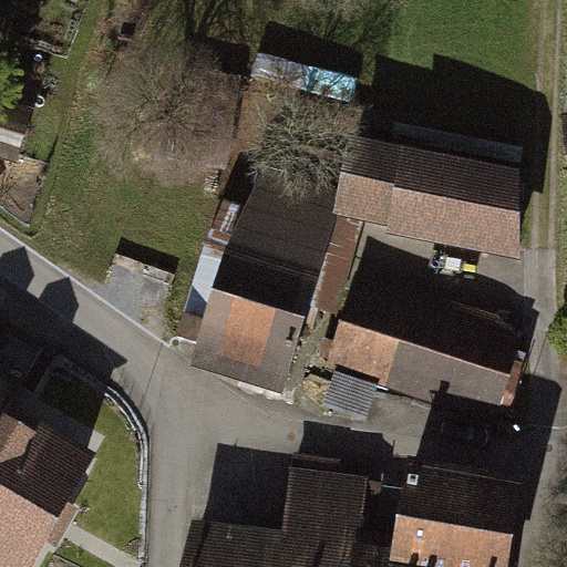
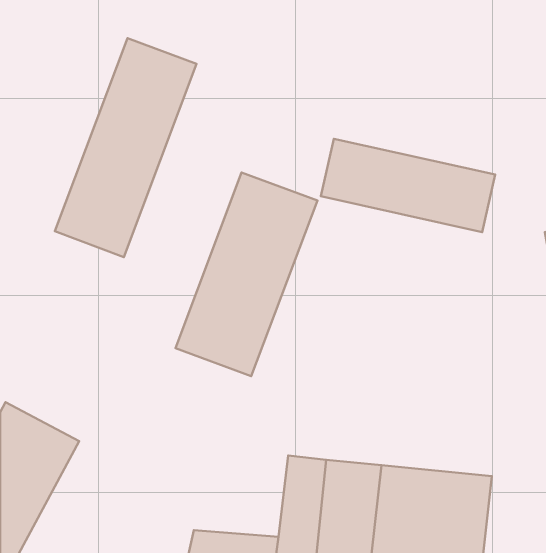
building: none -> [55,38,197,257]
building: [333,287,526,420] -> none

